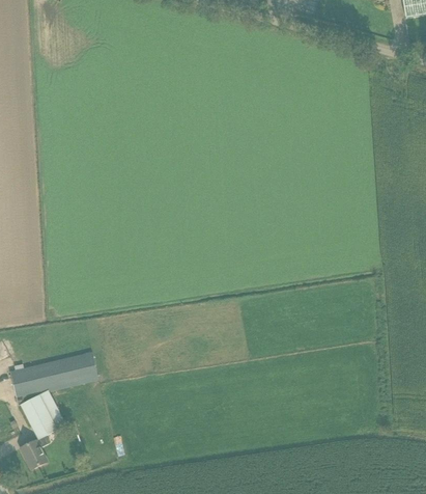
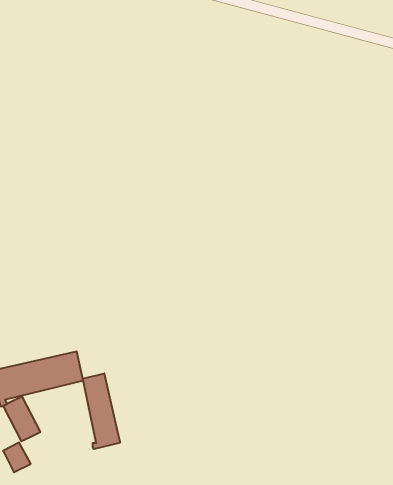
building: none -> [83,373,120,449]

